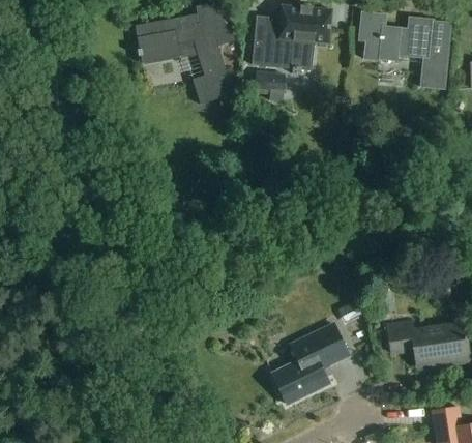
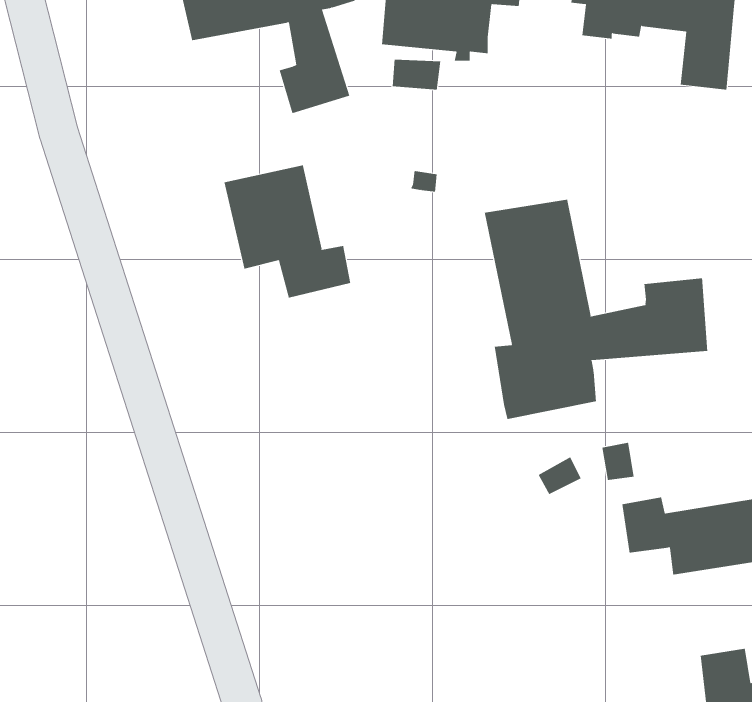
building: none -> [224,165,351,298]
building: none -> [484,199,708,420]
building: [271,323,348,404] -> none

